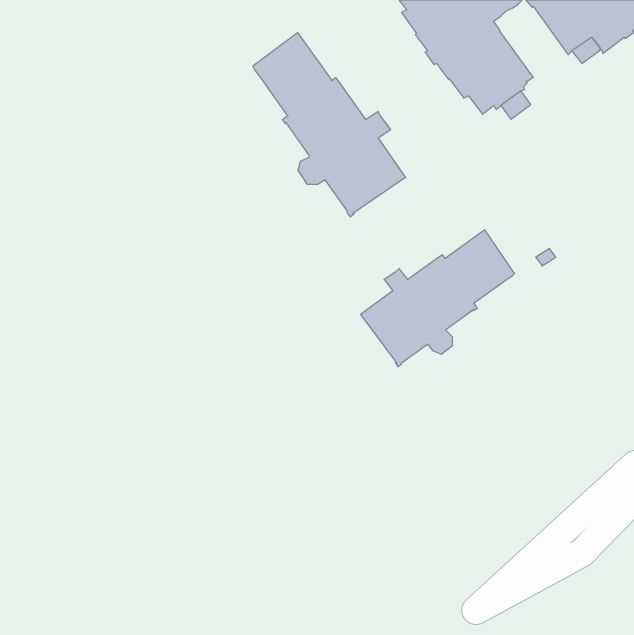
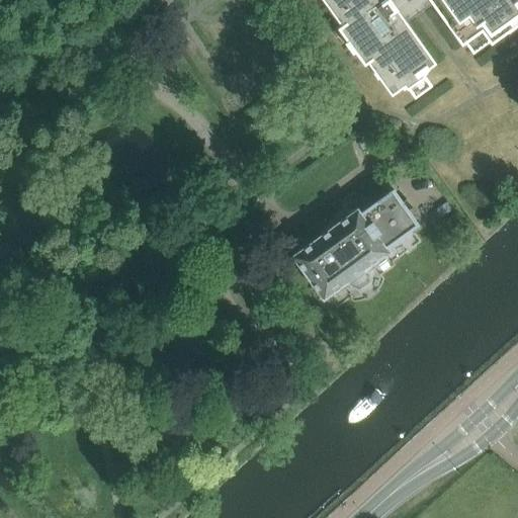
building: [253,33,406,217] -> none

